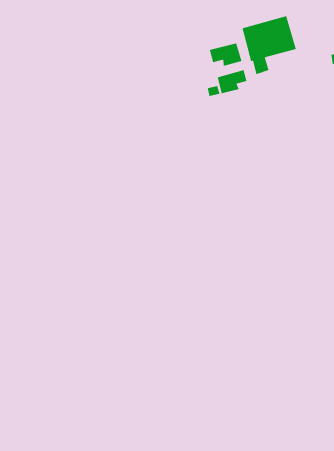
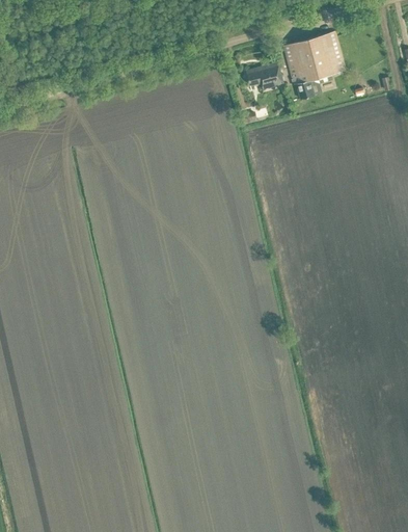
building: [217,69,247,94] -> none

